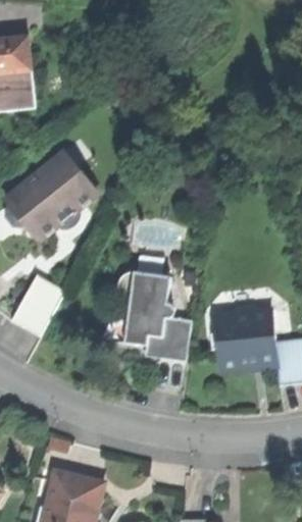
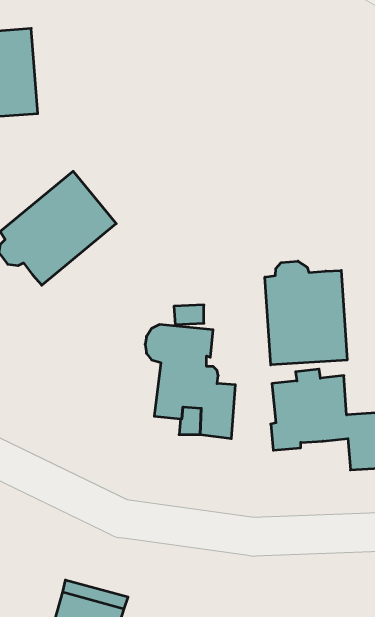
building: none -> [265,261,347,365]
building: [17,279,70,341] -> none

